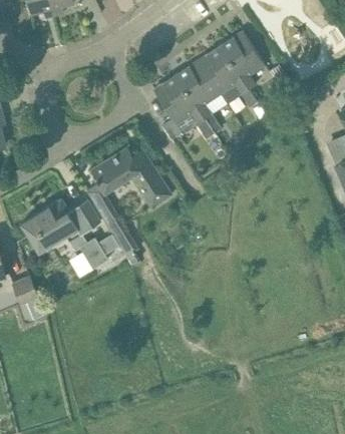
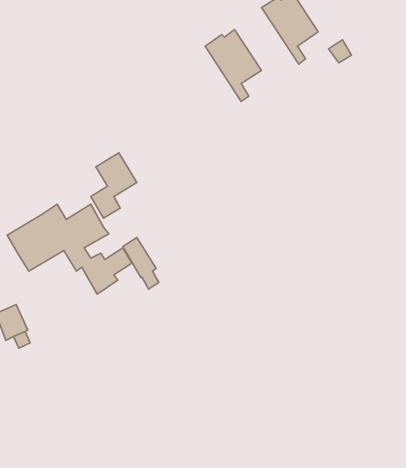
building: [199,46,249,95] -> none
building: [154,76,204,140] -> none
building: [108,148,170,208] -> none

